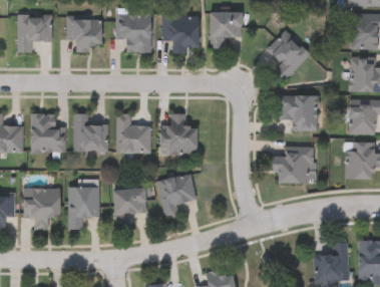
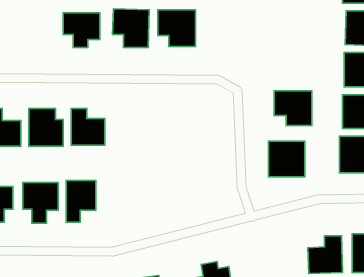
building: [211,11,242,47] -> none
building: [16,14,50,51] -> none
building: [268,30,311,81] -> none
building: [115,113,150,152] -> none
building: [160,113,198,155] -> none
building: [156,174,196,219] -> none
building: [113,188,146,226] -> none

